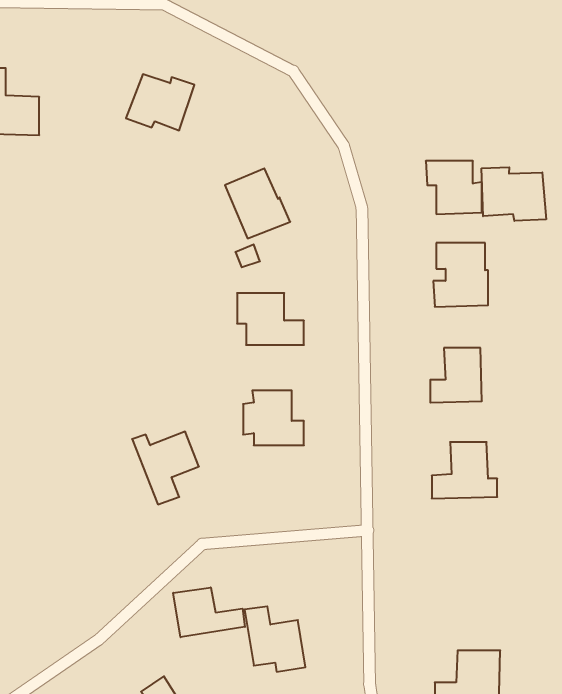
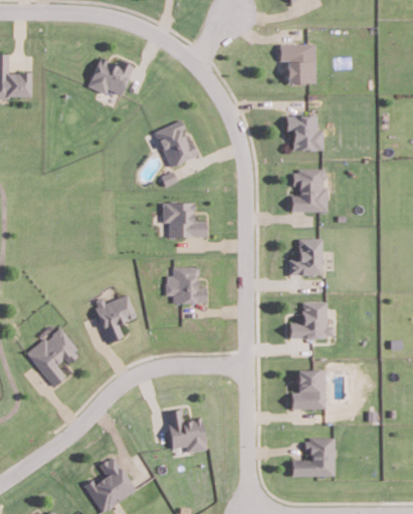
building: none -> [279,44,316,83]
building: [482,167,546,221] -> none
building: none -> [26,327,79,387]
building: none -> [290,369,326,409]
building: [173,587,245,637] -> none

